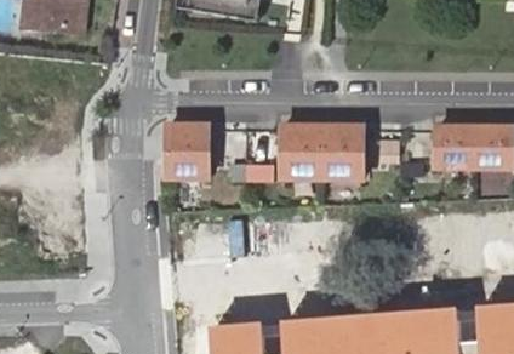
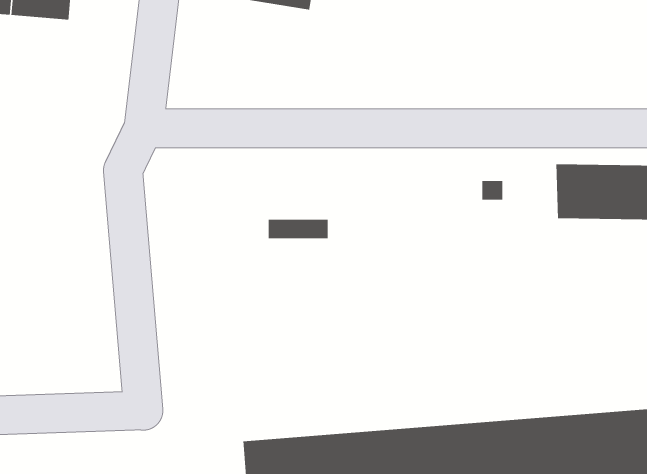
building: [167,127,209,181] -> none
building: [282,129,364,181] -> none

